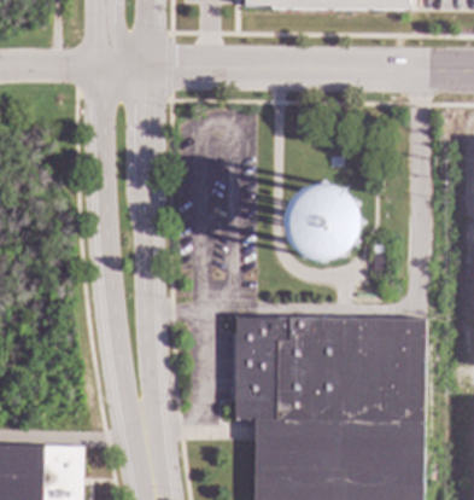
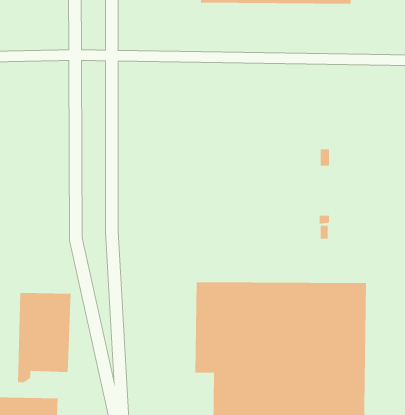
building: [286,187,363,260] -> none
building: none -> [17,292,71,383]

